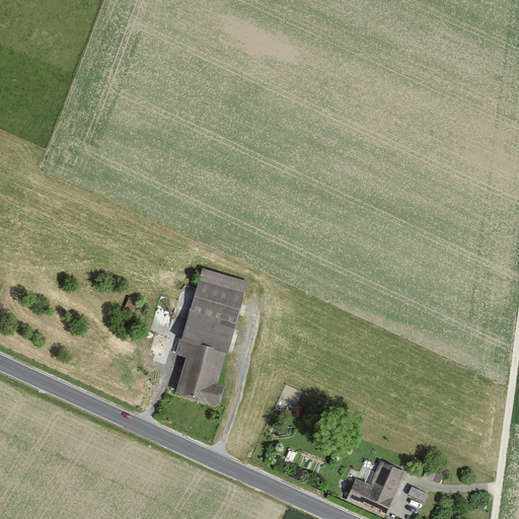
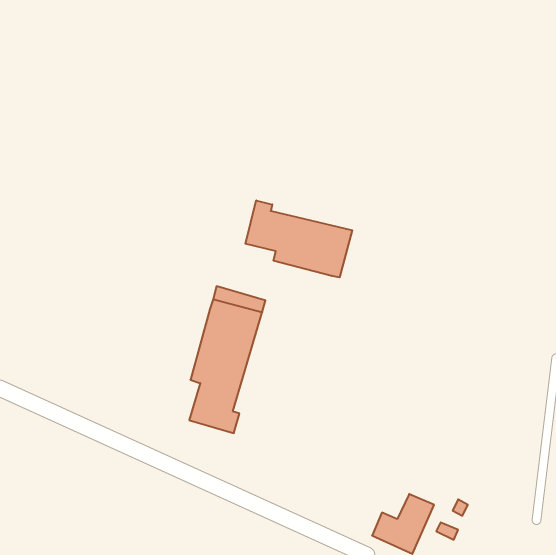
building: none -> [245,200,352,277]

